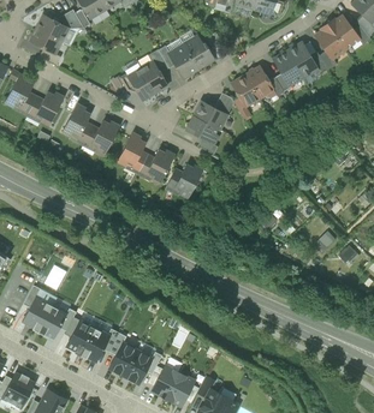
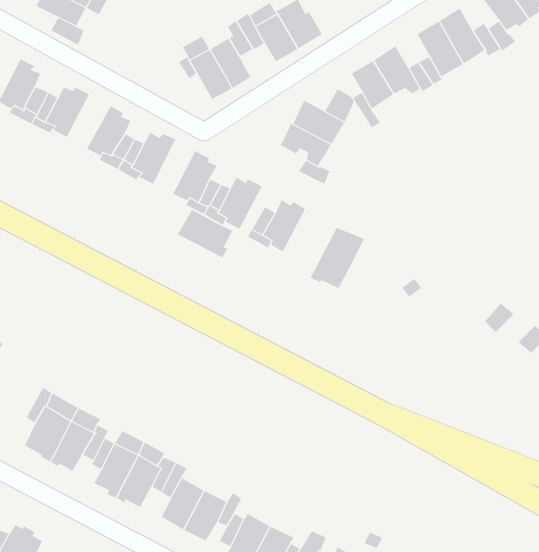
building: none -> [177,209,233,258]
building: none -> [310,227,364,289]

